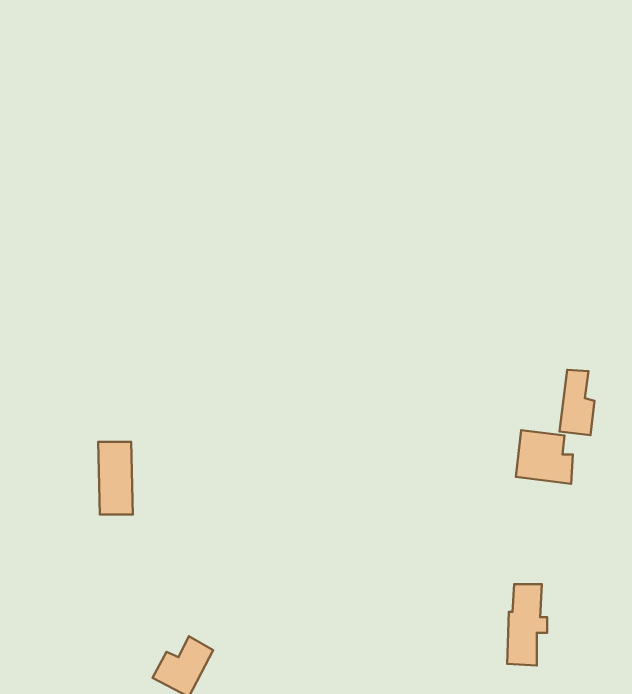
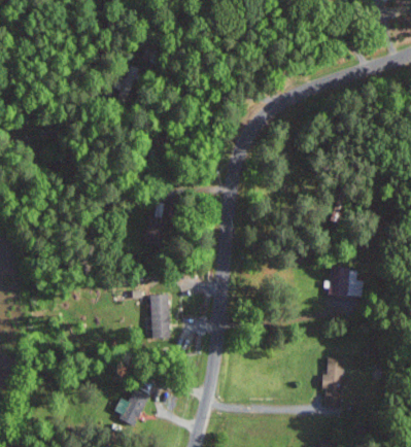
building: [560,370,595,435] -> none
building: [98,442,133,515] -> [149,295,170,338]

